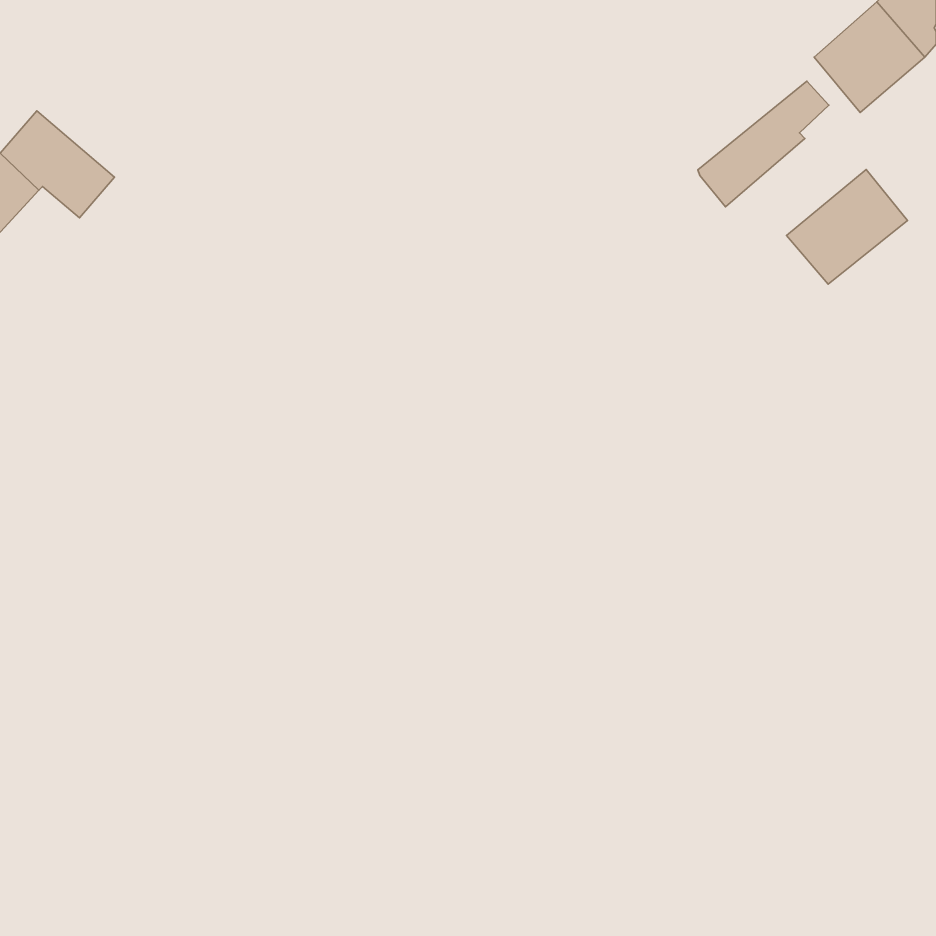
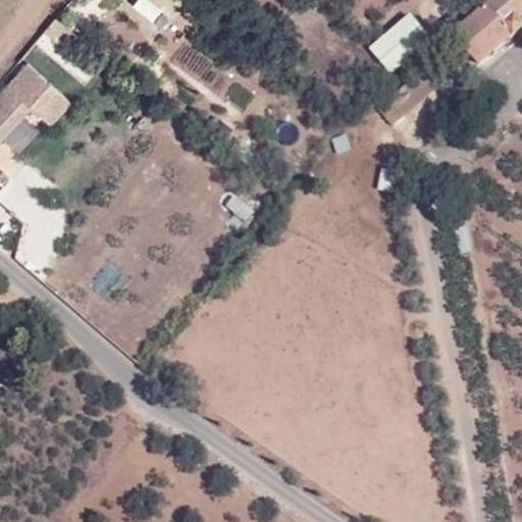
building: none -> [371,16,429,72]
building: [786,170,907,284] -> none

